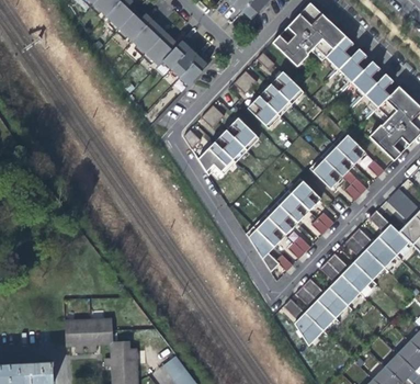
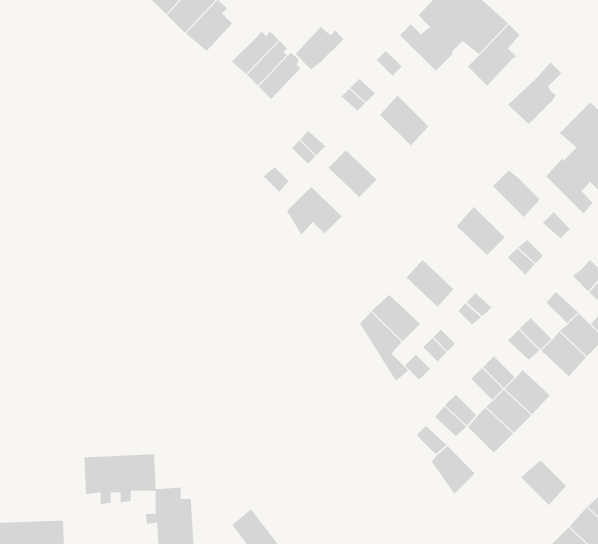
building: [145,34,178,64] -> [295,26,345,71]
building: [330,47,366,88] -> none
building: [271,70,303,102] -> none
building: [357,72,393,114] -> none
building: [247,94,280,127] -> none
building: [214,129,246,161] -> none
building: [321,142,354,176] -> none
building: [287,178,320,210] -> none
building: [265,202,297,233] -> none
building: [353,250,384,280] -> none
building: [304,301,334,331] -> [520,459,567,506]

